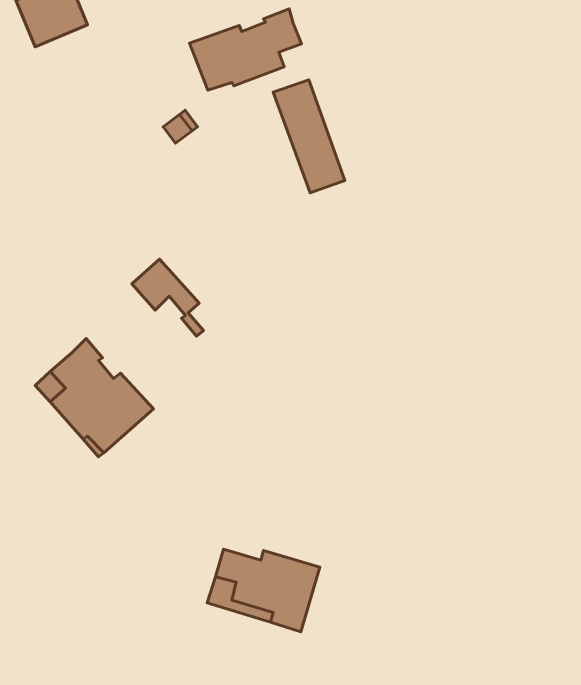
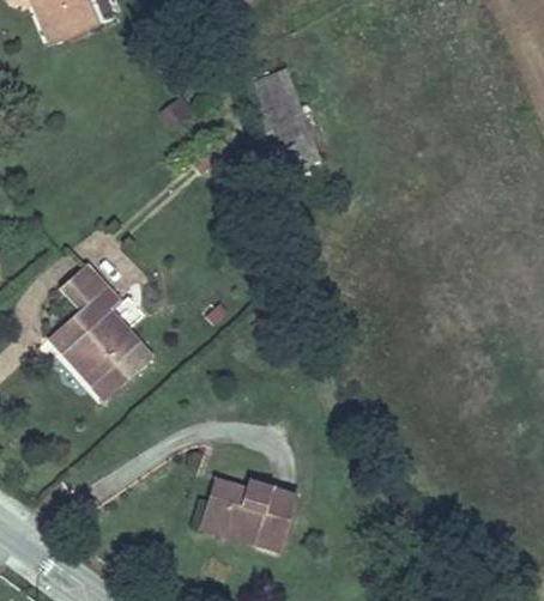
building: [190,9,302,90] -> none
building: [132,259,203,336] -> [61,263,123,330]

